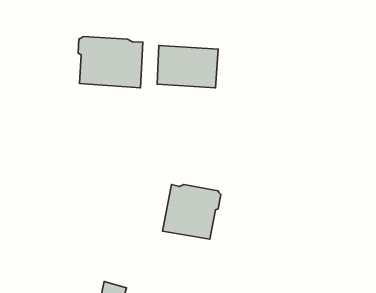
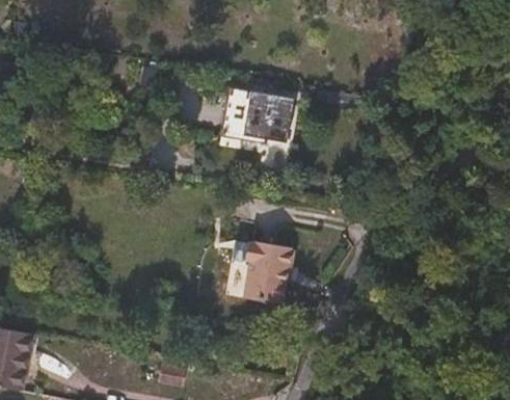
building: [78,37,143,88] -> none

